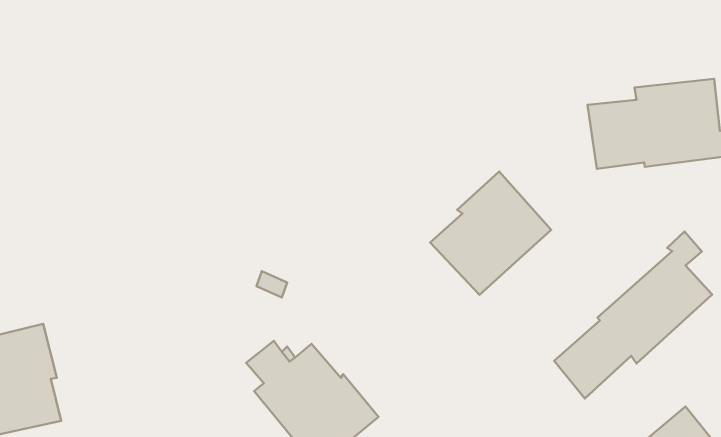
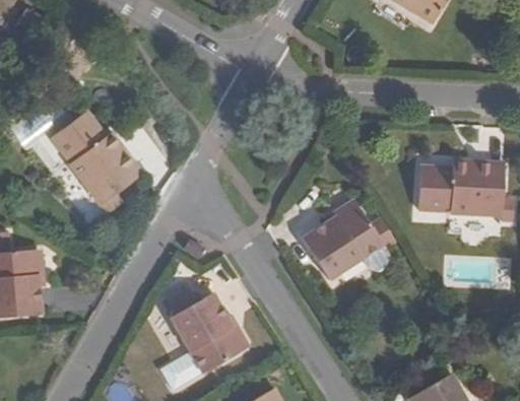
building: none -> [51,111,142,204]
building: [554,232,712,398] -> none

